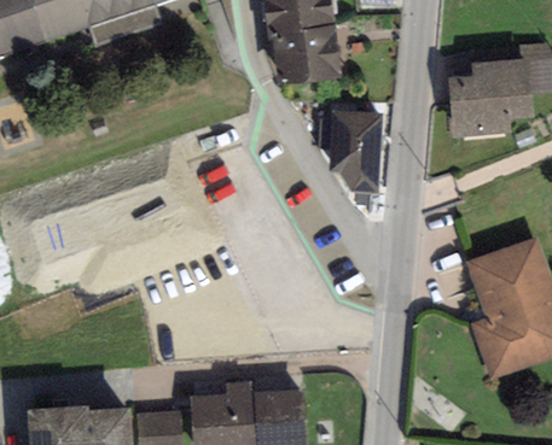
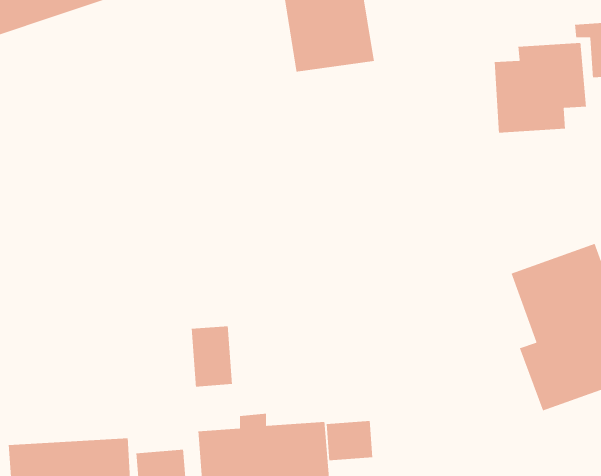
building: [327,105,388,195] -> none
building: none -> [191,326,233,387]
building: none -> [326,420,373,461]

